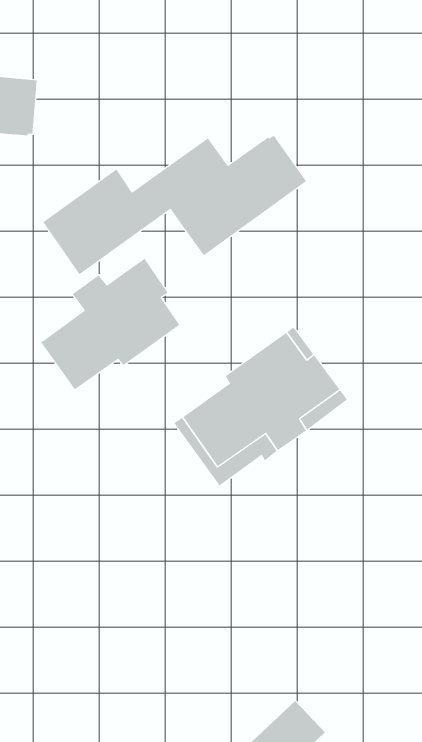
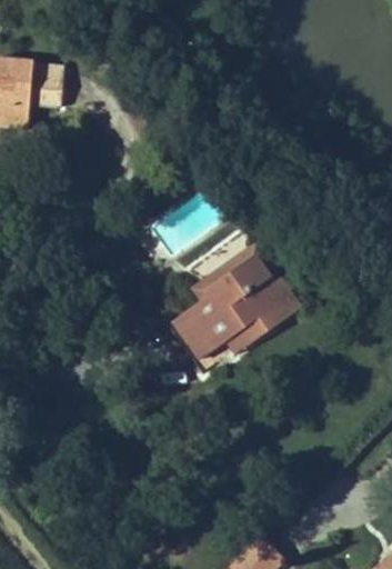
building: [42,135,307,275] -> none
building: [40,258,180,390] -> none

